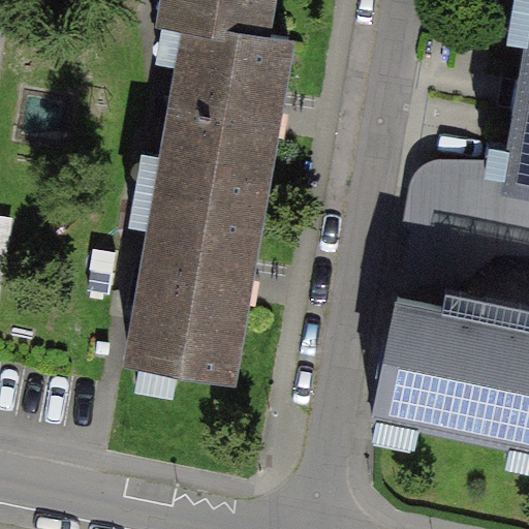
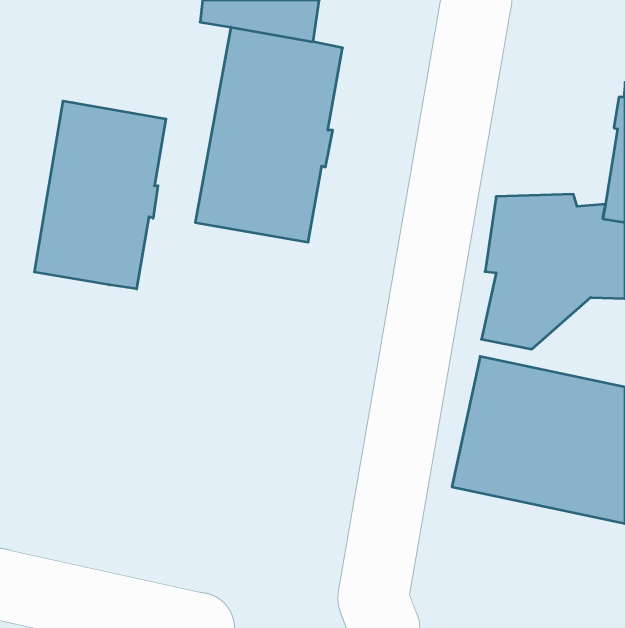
building: none -> [34,101,166,289]
building: [135,187,259,375] -> none

